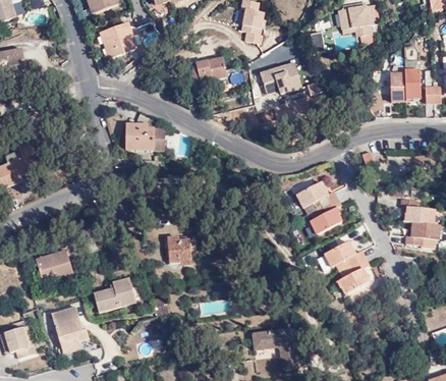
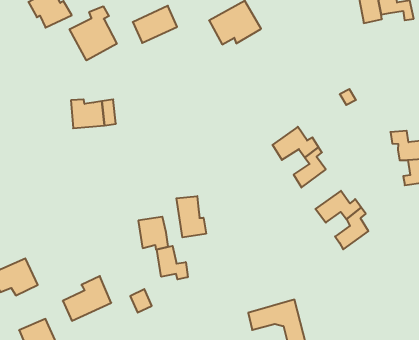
building: none -> [70,6,117,60]
building: none -> [176,196,206,237]
building: none -> [157,246,188,279]

